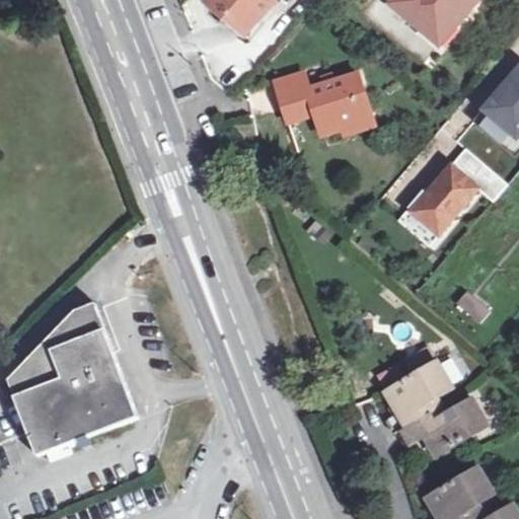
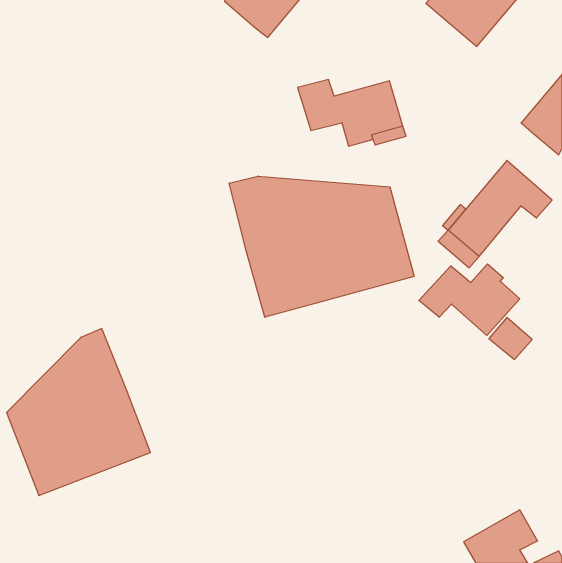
building: none -> [229,176,414,317]
building: none -> [419,264,520,335]
building: [384,348,486,455] -> none

